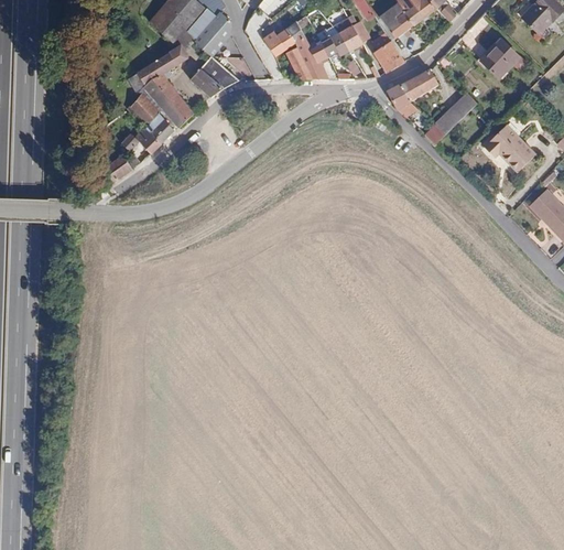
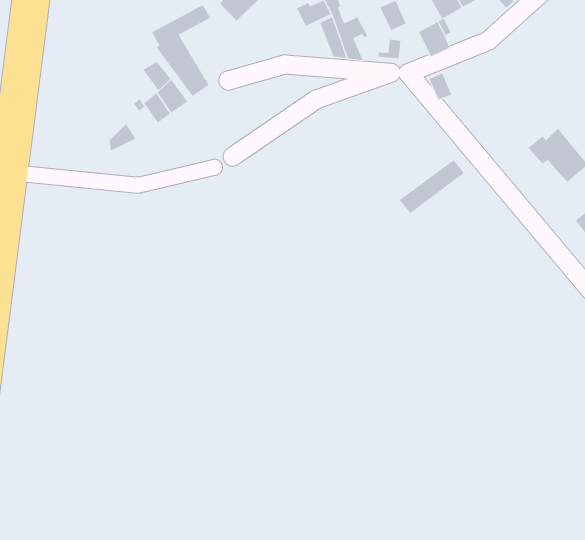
building: [317,31,349,57] -> none
building: [480,40,519,78] -> none
building: [189,55,241,95] -> none
building: [399,68,437,103] -> none
building: [423,90,479,142] -> [399,159,465,214]

